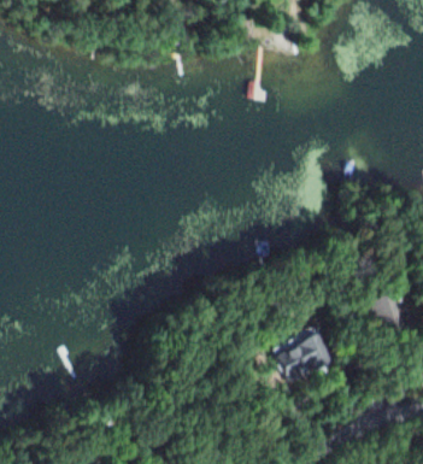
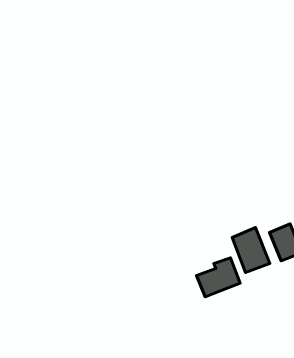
building: none -> [232,228,270,272]

